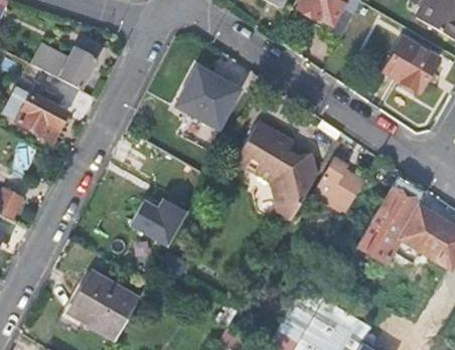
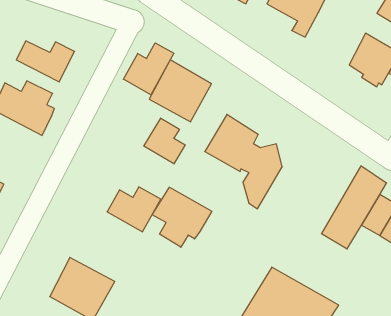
building: none -> [123,43,174,95]
building: none -> [144,118,185,164]
building: [314,158,364,213] -> none
building: none -> [152,187,212,247]

